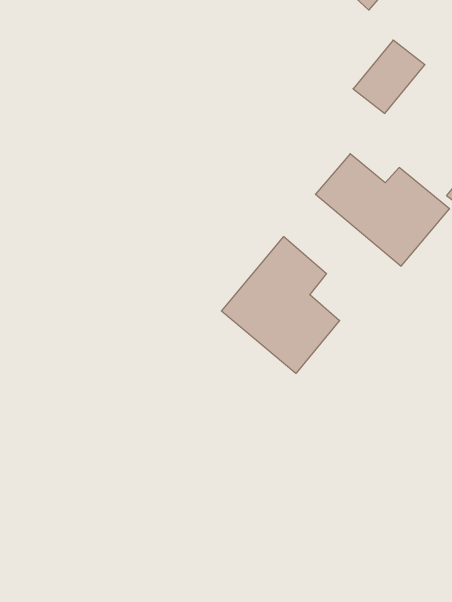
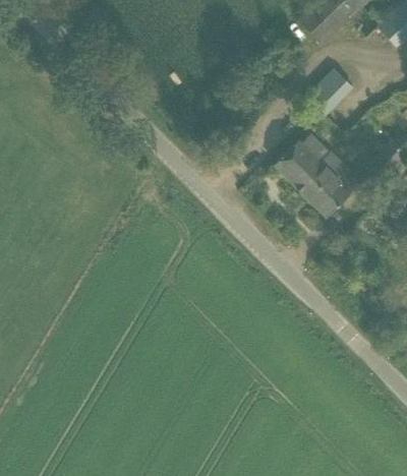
building: [221,237,340,373] -> none

